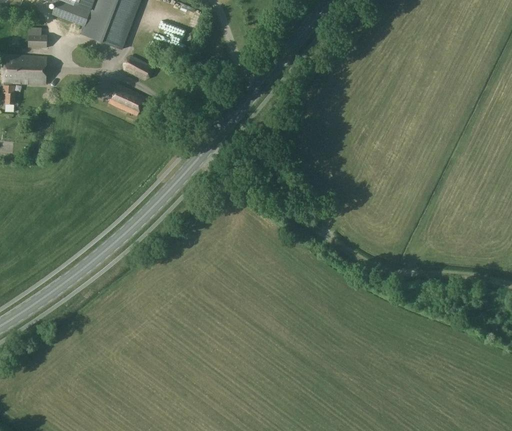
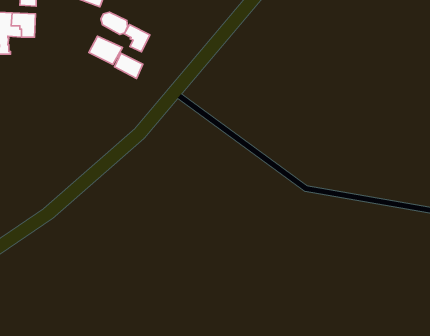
building: none -> [124,25,150,52]
building: none -> [115,53,143,79]

